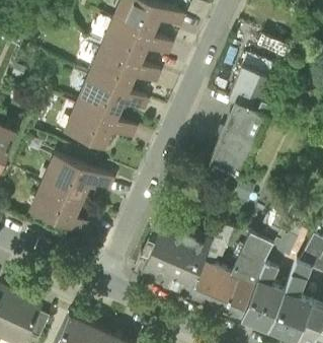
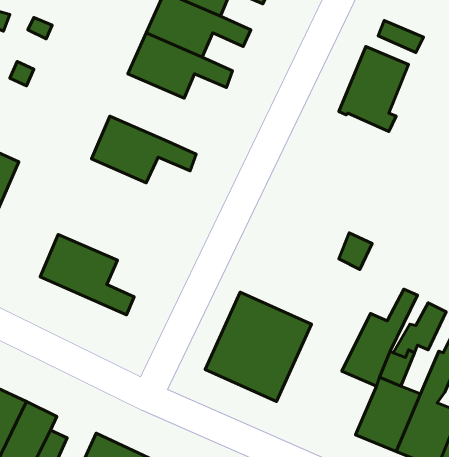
building: [77,75,147,120] -> none
building: [210,101,266,177] -> none
building: [43,154,113,200] -> none
building: [188,223,255,317] -> none

